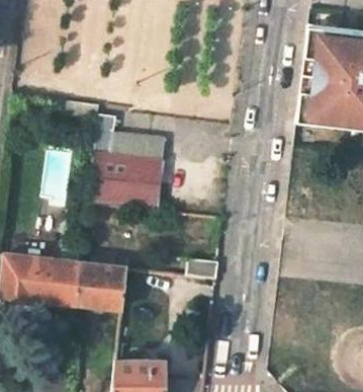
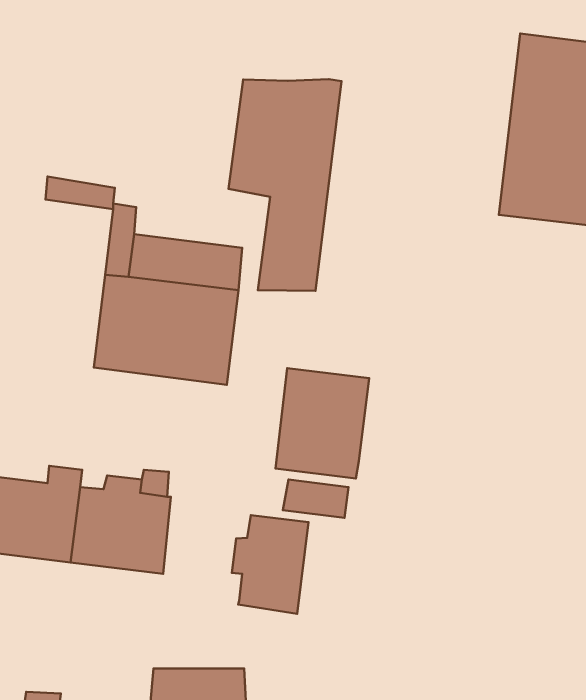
building: none -> [229,79,341,291]
building: none -> [275,368,369,478]
building: none -> [232,515,308,614]

